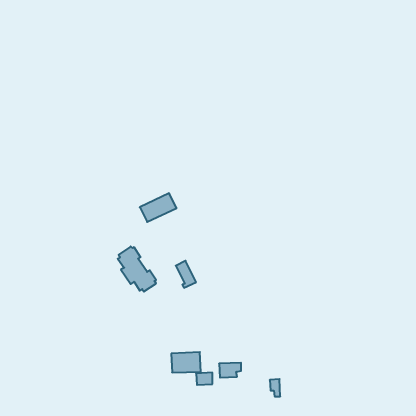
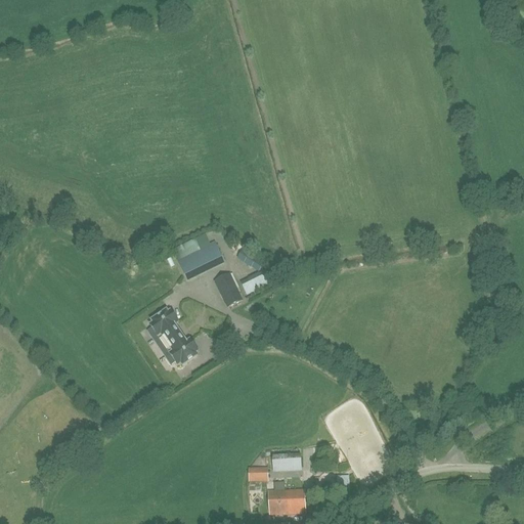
building: [176,261,196,288] -> [215,272,241,306]
building: [171,352,201,372] -> [266,488,303,514]

